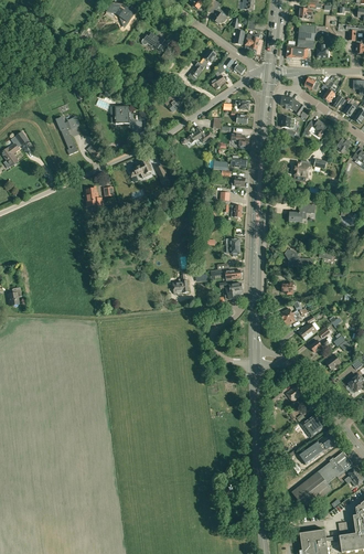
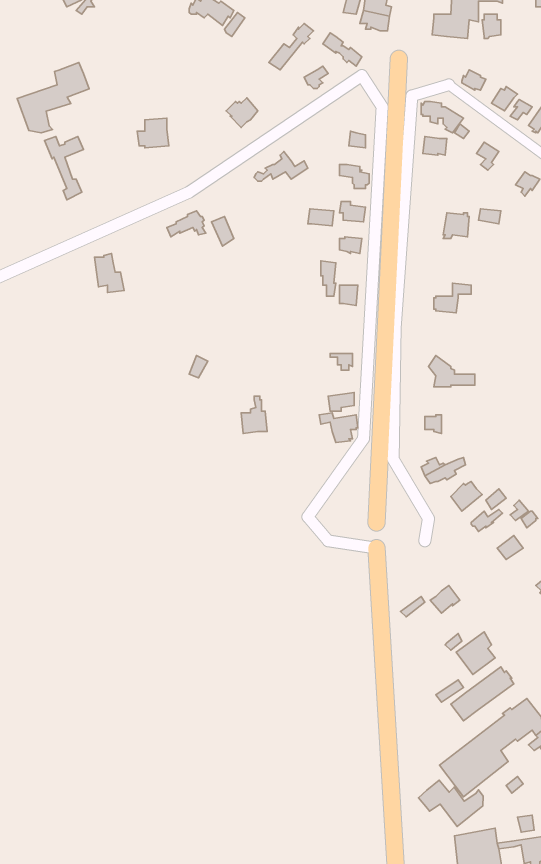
building: none -> [17,63,89,133]
building: none -> [418,780,483,827]

